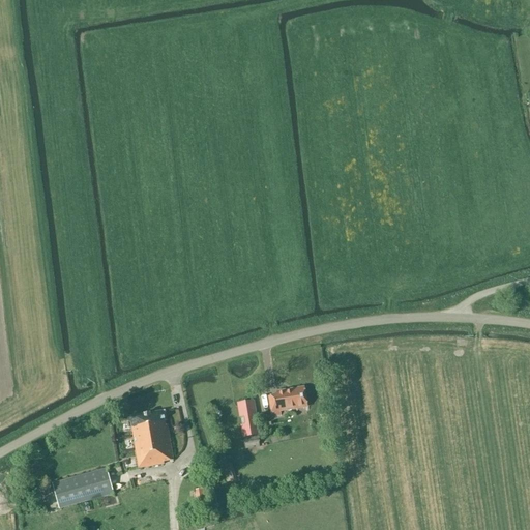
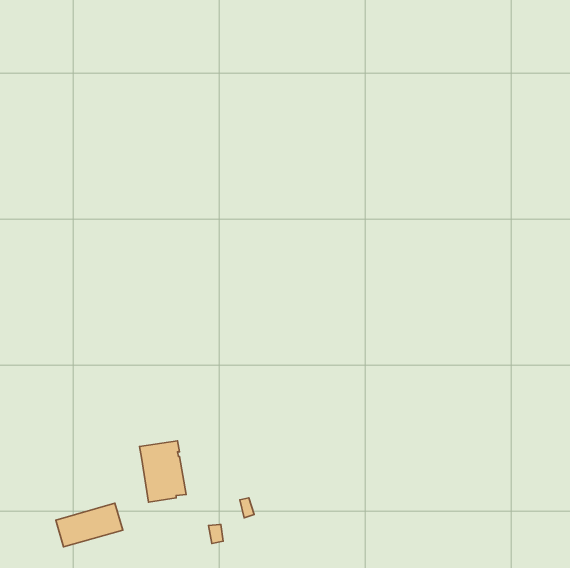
building: [268,386,306,415] -> none
building: [238,400,258,435] -> none

